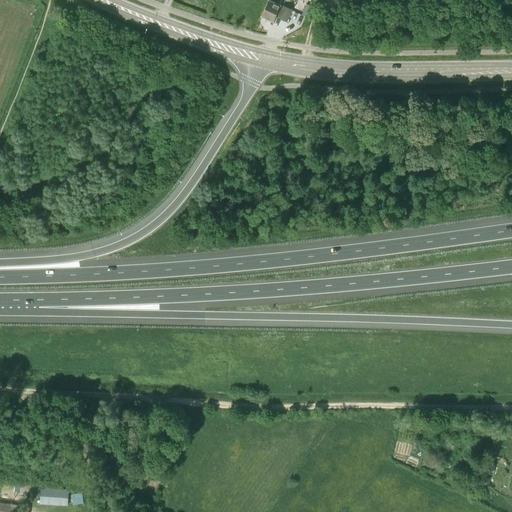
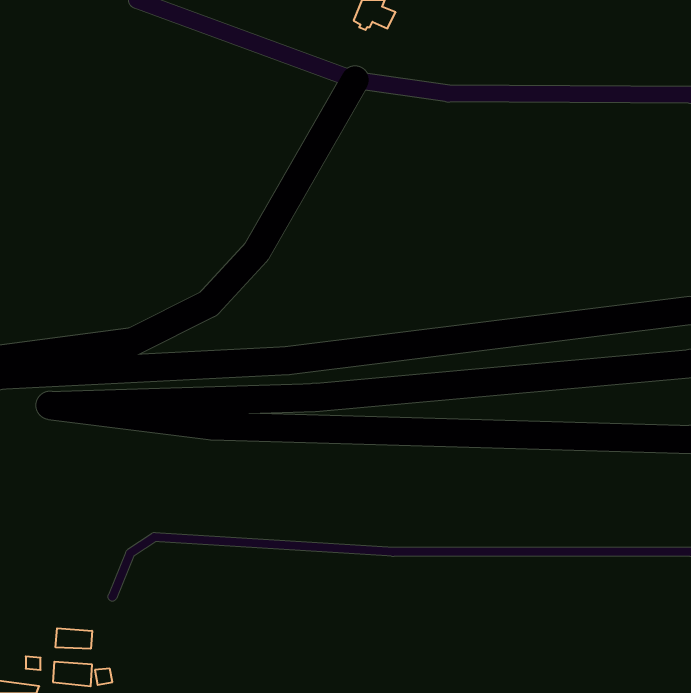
building: none -> [56,628,92,649]

